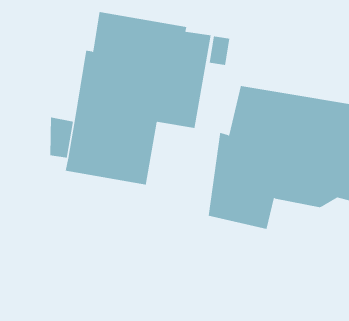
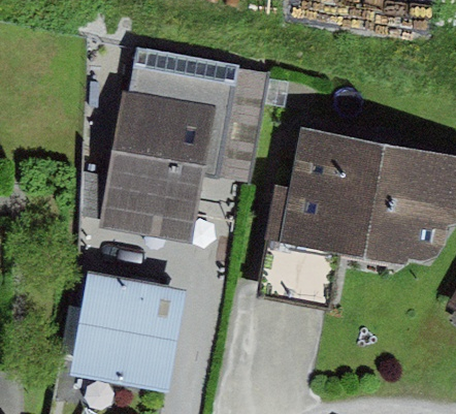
building: none -> [71,275,184,389]

